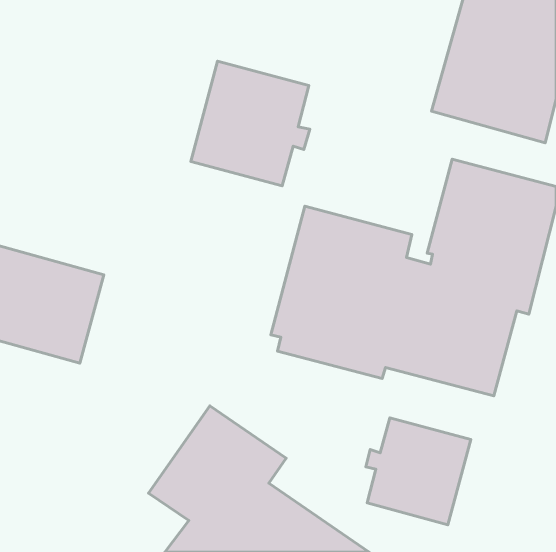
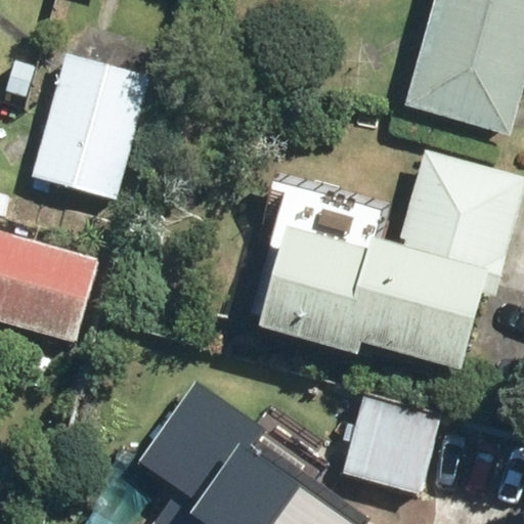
building: none -> [33,53,142,196]
building: [191,61,310,186] -> none

